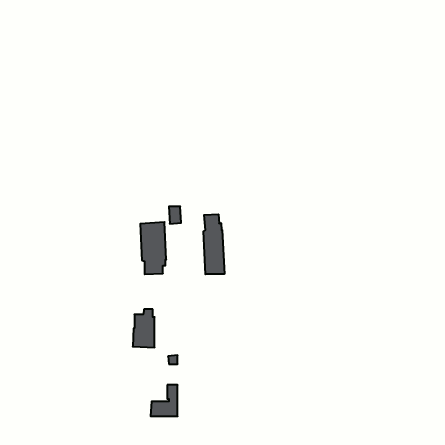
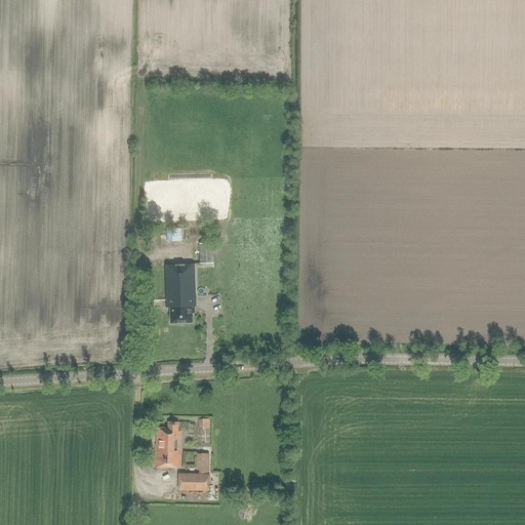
building: [203,214,224,274] -> none
building: [133,309,155,347] -> [155,421,180,467]

